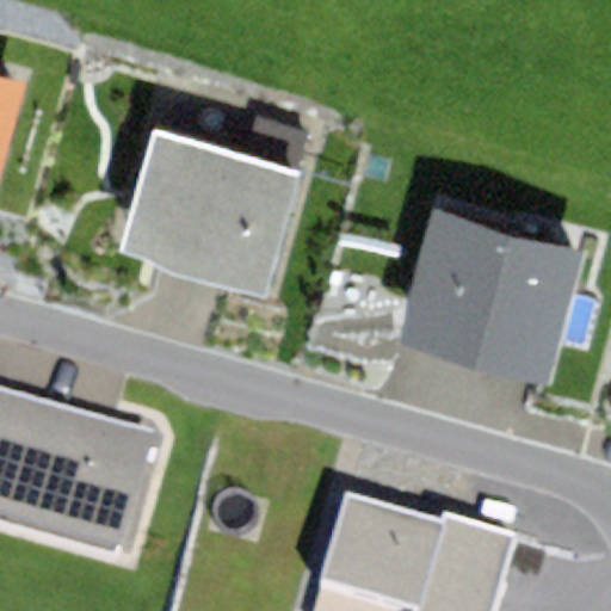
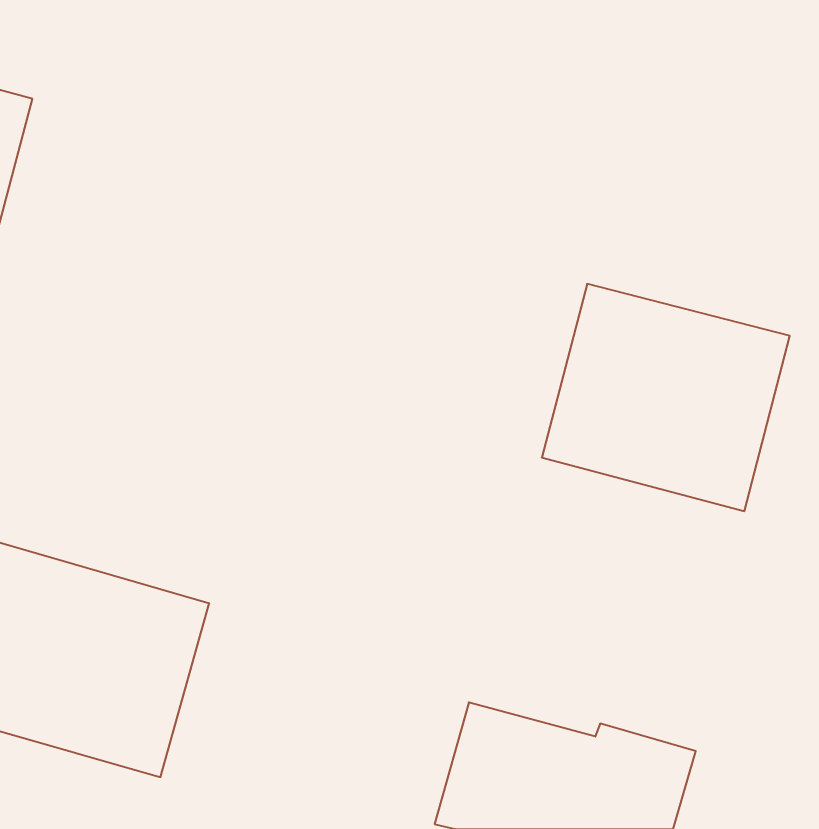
building: [117,126,302,291] -> none

